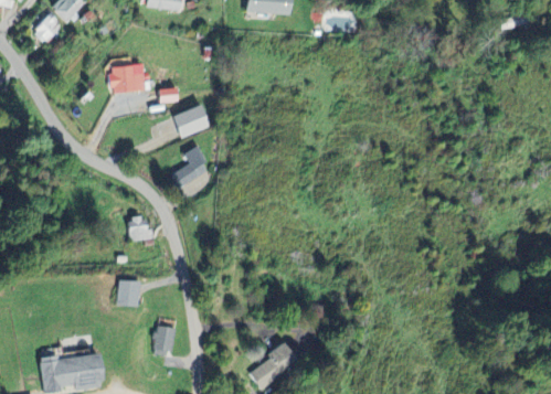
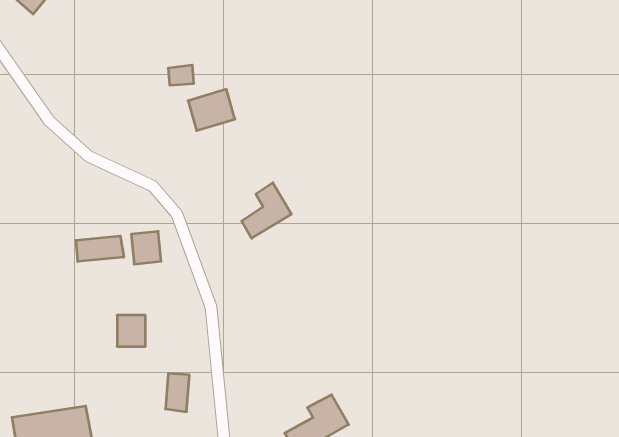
building: [105,62,145,94] -> none
building: [170,145,209,188] -> [242,183,291,238]
building: none -> [76,236,124,262]

